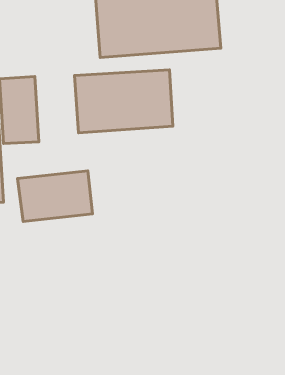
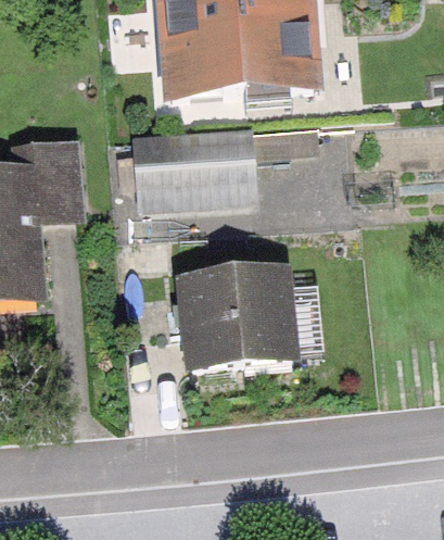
building: [18,171,93,222] -> none
building: none -> [175,267,301,368]

